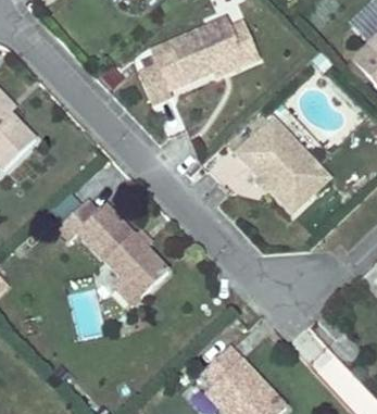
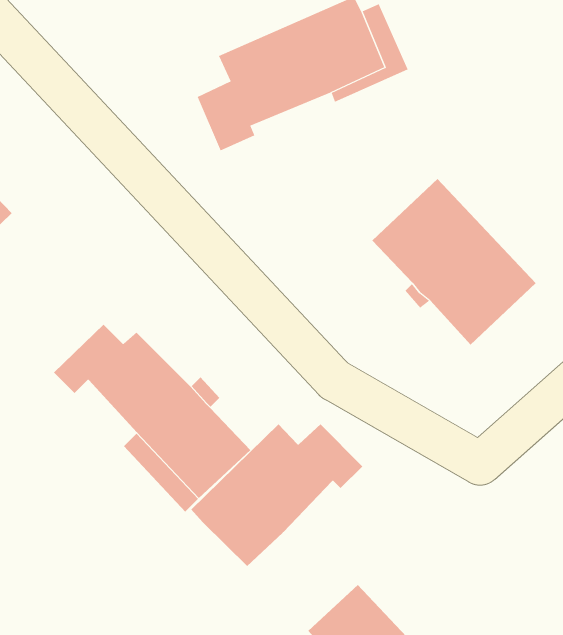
building: none -> [191,423,363,567]

